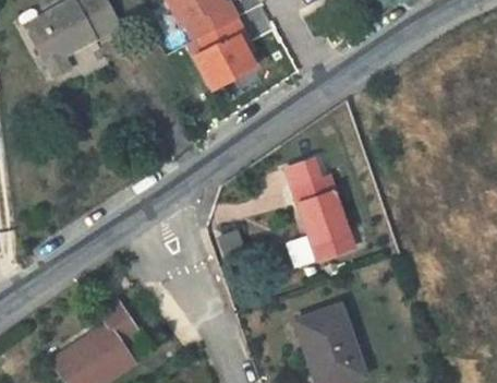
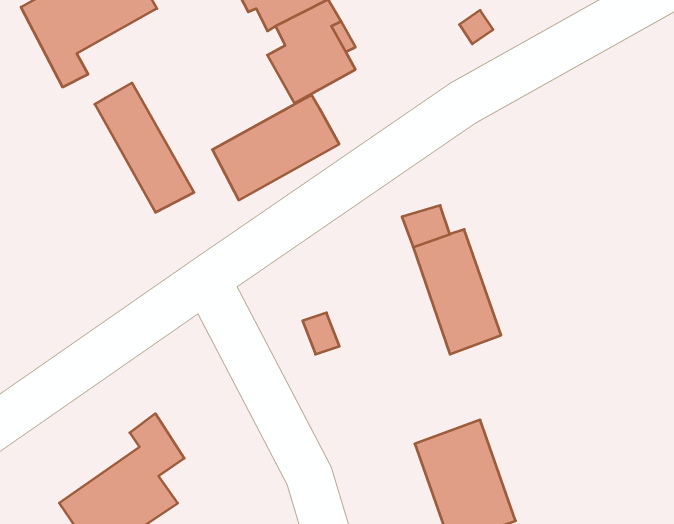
building: none -> [95,83,194,212]
building: none -> [212,95,339,200]

